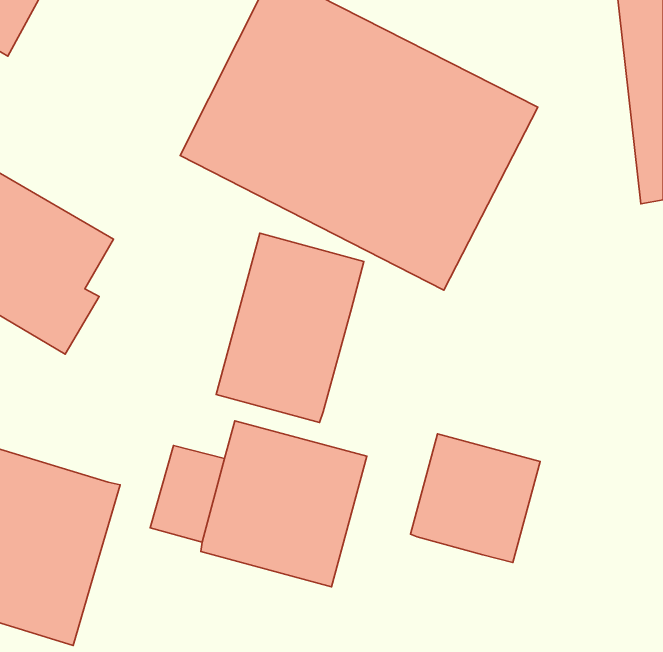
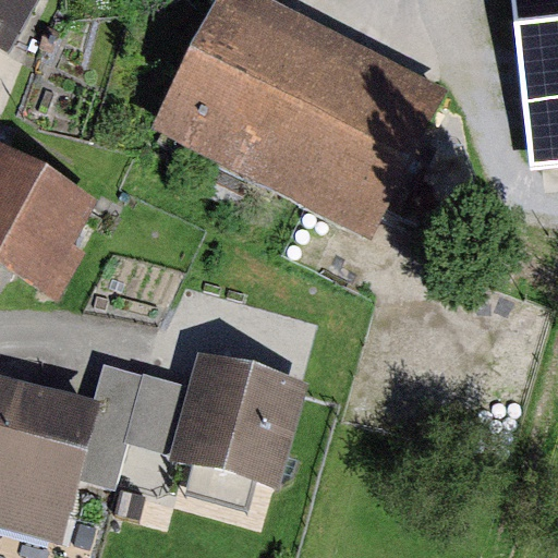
building: [216,233,364,423] -> none
building: none -> [80,360,145,484]
building: [411,434,540,563] -> none

